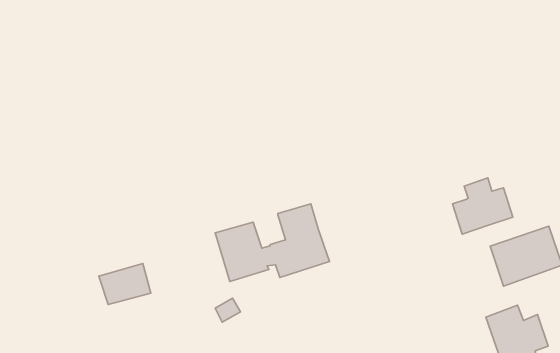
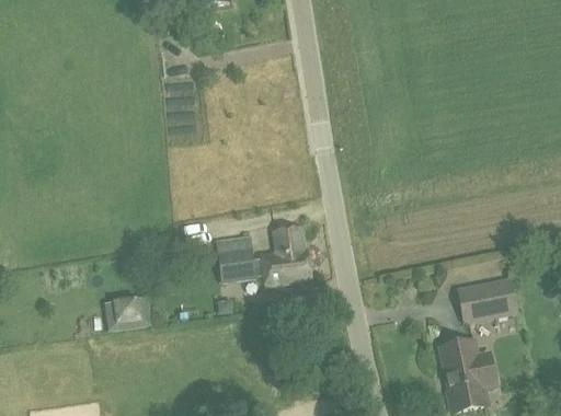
building: [452,178,513,234] -> none
building: [99,263,151,304] -> [105,296,149,327]

